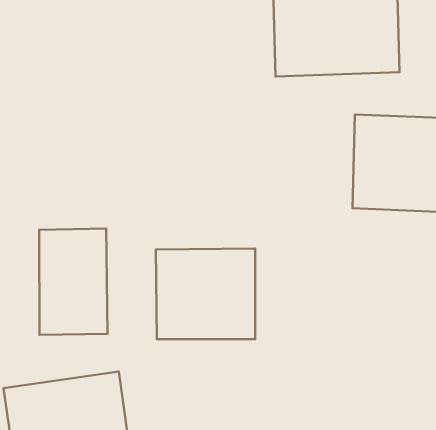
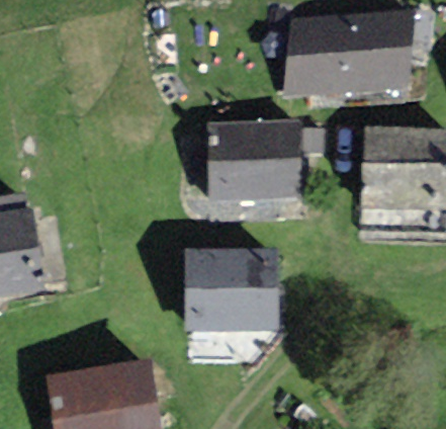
building: none -> [208,124,300,204]
building: [39,229,107,335] -> none

